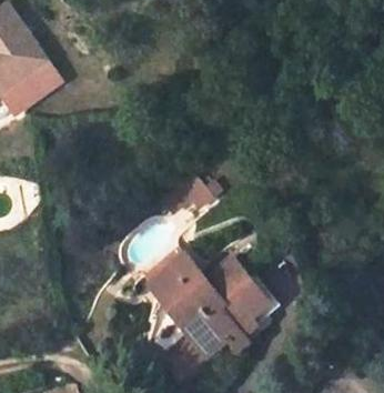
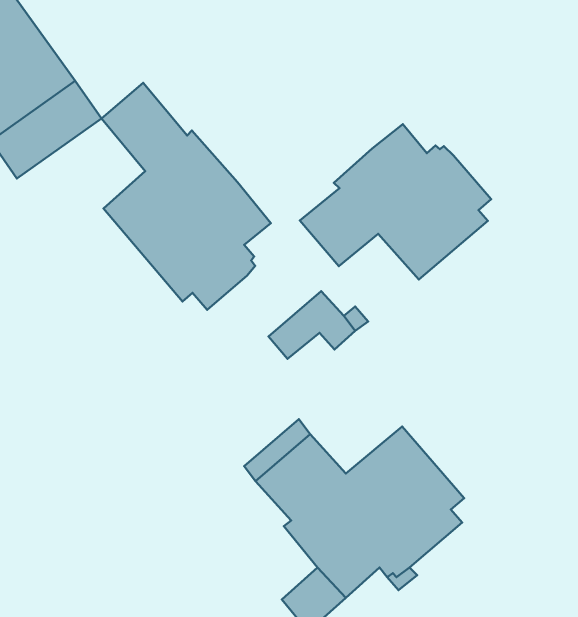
building: none -> [101,83,271,310]
building: none -> [300,124,491,280]

